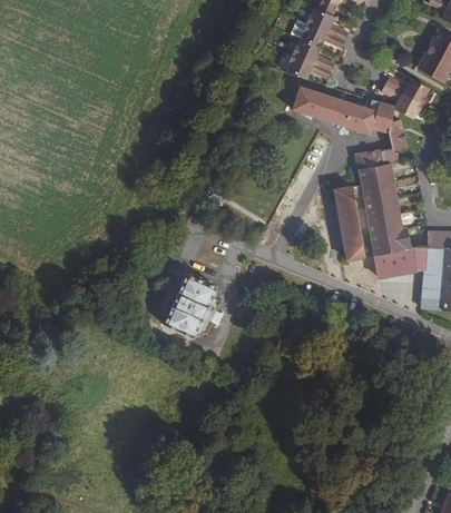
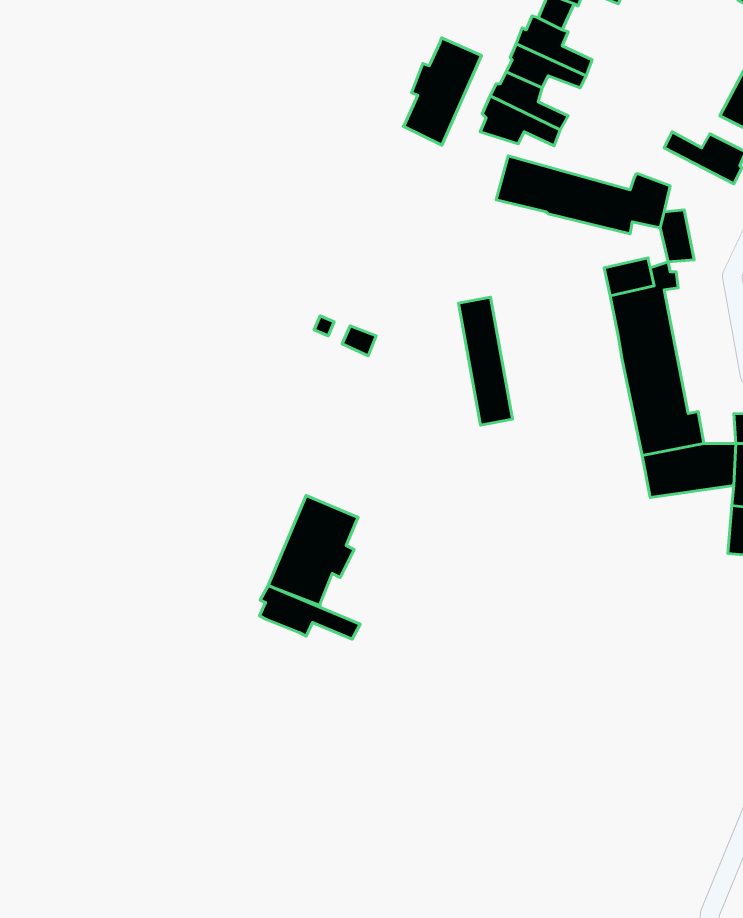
building: none -> [403,38,482,145]
building: [383,83,425,119] -> none
building: [335,184,365,255] -> [459,297,512,425]
building: none -> [259,585,360,639]

